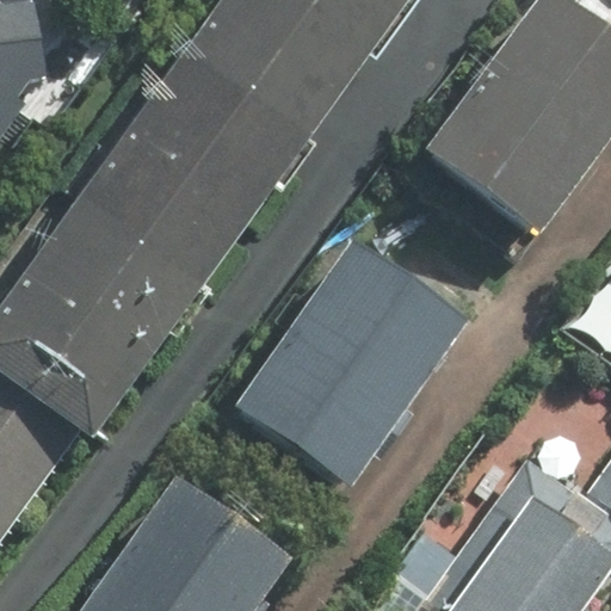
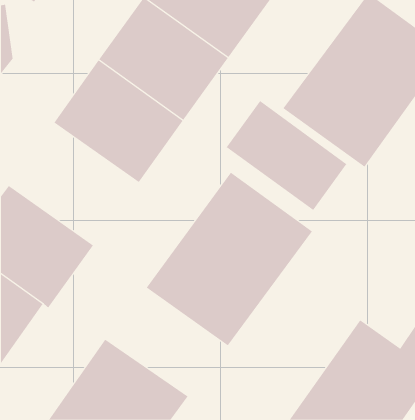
building: none -> [226,100,347,211]
building: [31,174,217,350] -> none

